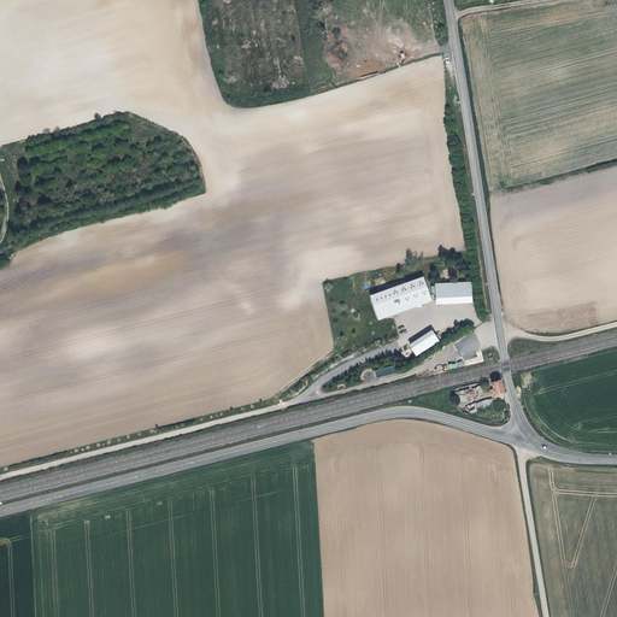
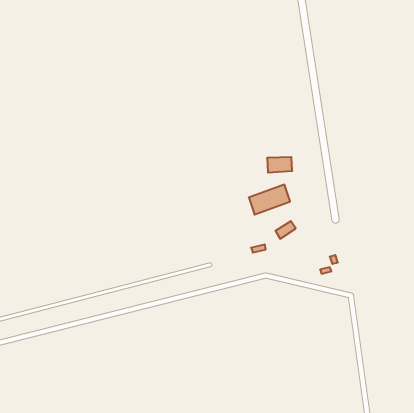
building: [435,281,472,304] -> [267,157,292,173]

